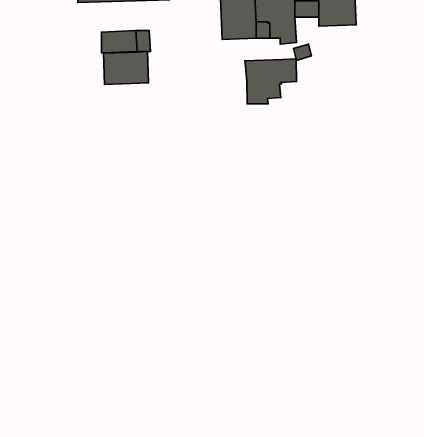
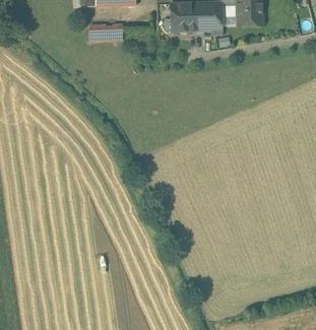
building: [103,51,149,85] -> none
building: [245,59,296,104] -> none

